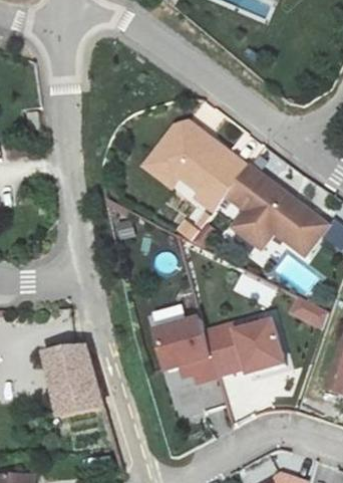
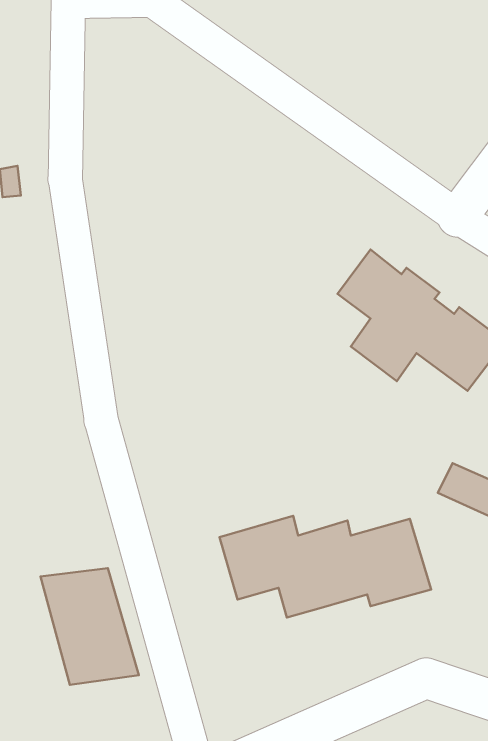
building: [139,112,248,209] -> none

